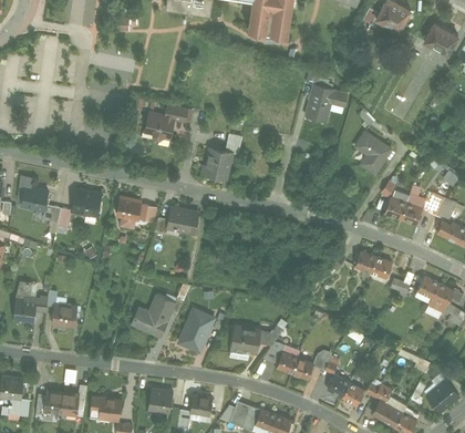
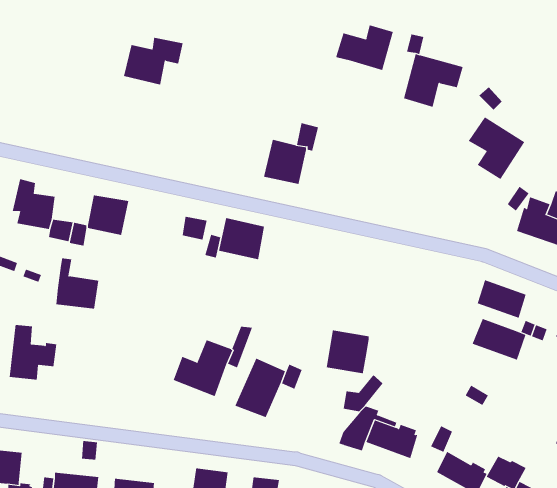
building: none -> [336,25,393,71]
building: [143,103,187,138] -> [123,37,183,85]
building: [118,194,144,225] -> none
building: none -> [472,318,526,360]
building: [45,290,78,328] -> [56,258,99,309]
building: [229,323,261,355] -> [326,330,370,374]

